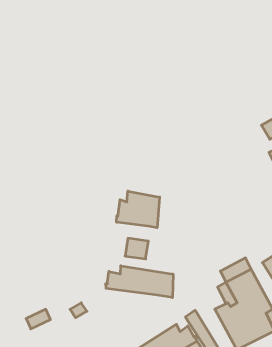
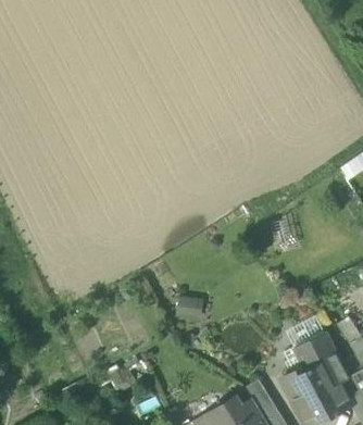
building: [117,191,160,228] -> none
building: [106,266,173,298] -> none

